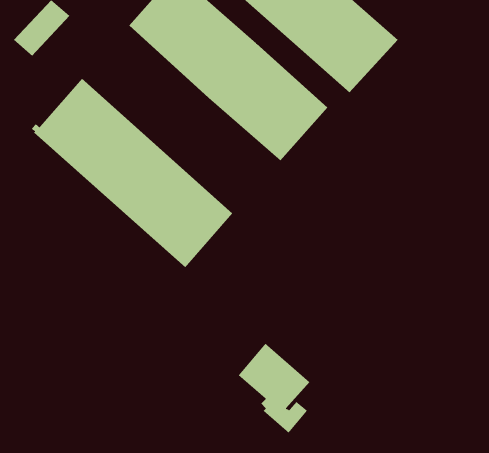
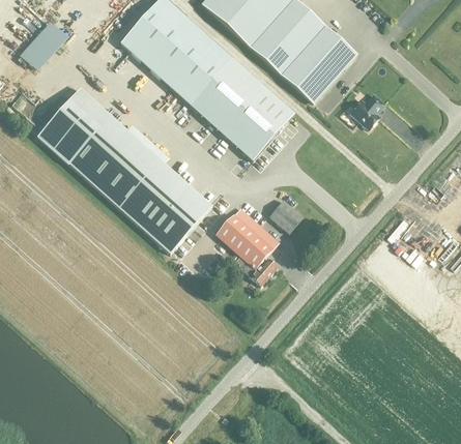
building: none -> [351,93,384,127]
building: none -> [270,200,302,232]
building: [238,343,310,433] -> [217,206,280,285]

